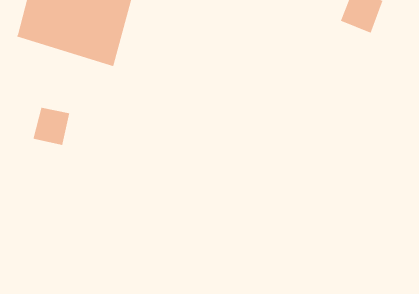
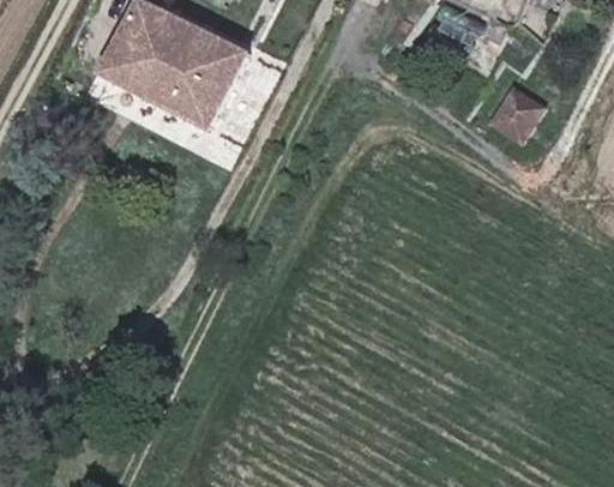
building: [33,107,70,146] -> none

